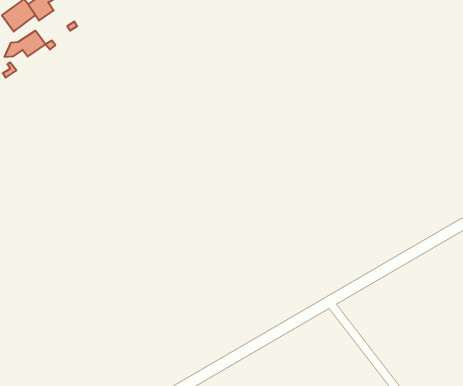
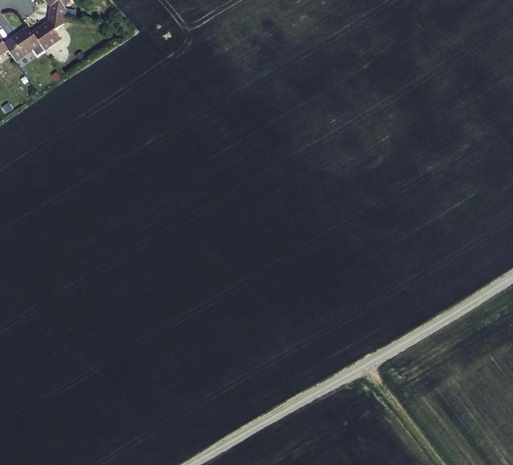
building: [5,31,45,57] -> none

